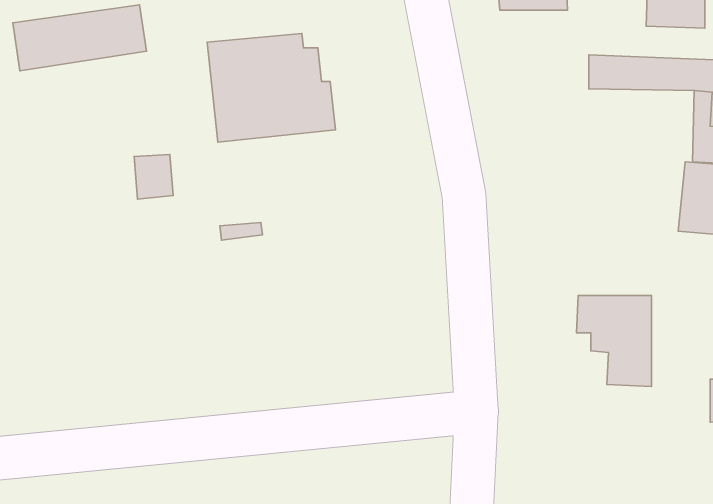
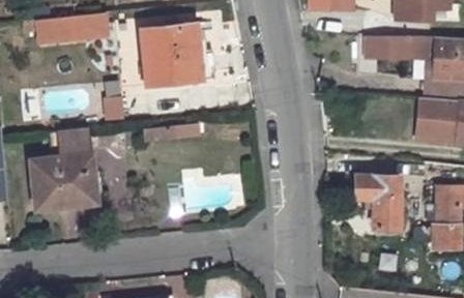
building: none -> [32,133,98,211]

